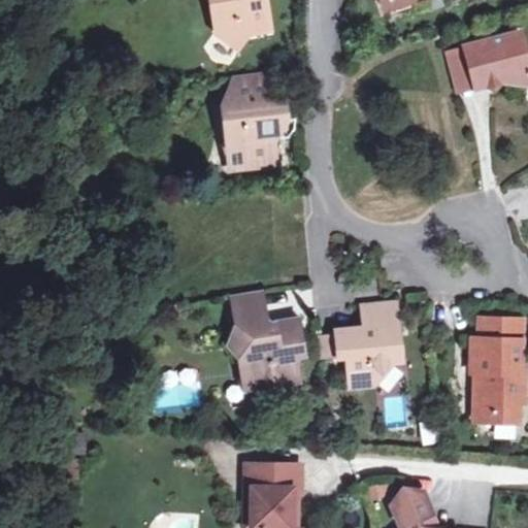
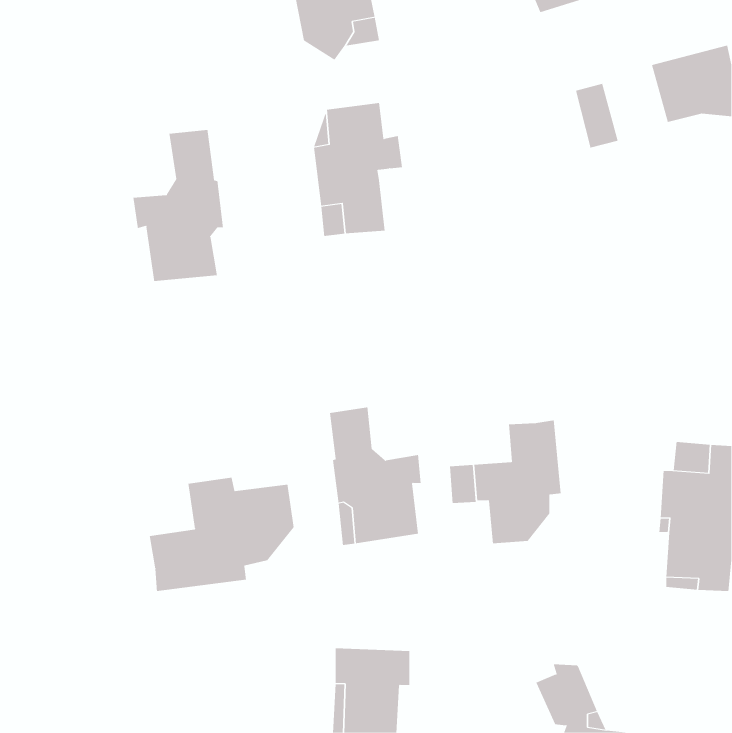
building: [446,46,476,93] -> [575,83,619,148]
building: none -> [133,129,224,282]
building: none -> [149,477,294,592]

